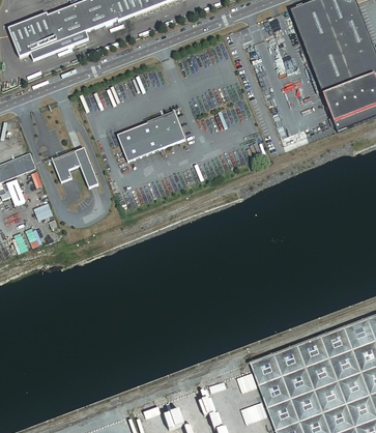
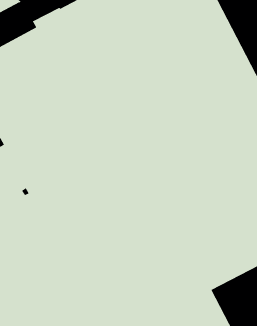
building: [116,112,184,162] -> none
building: [52,148,98,189] -> none

